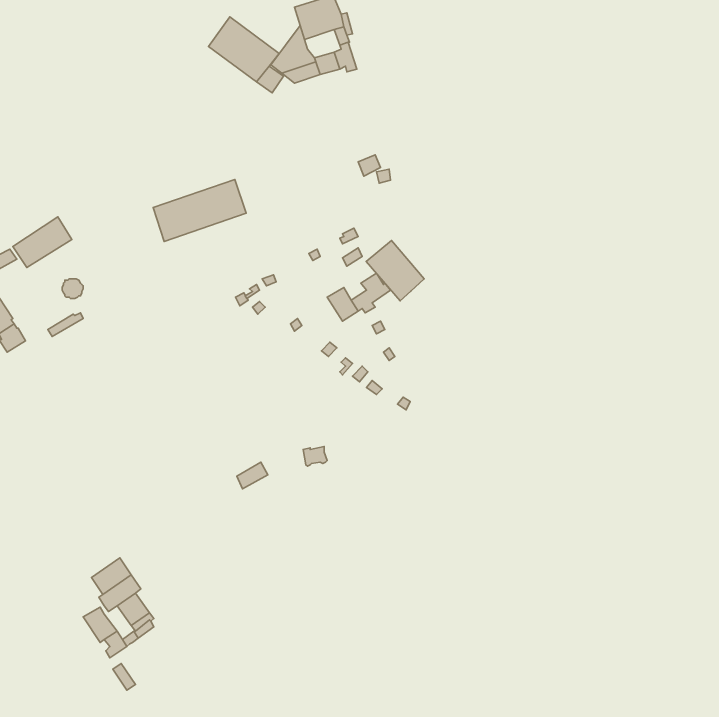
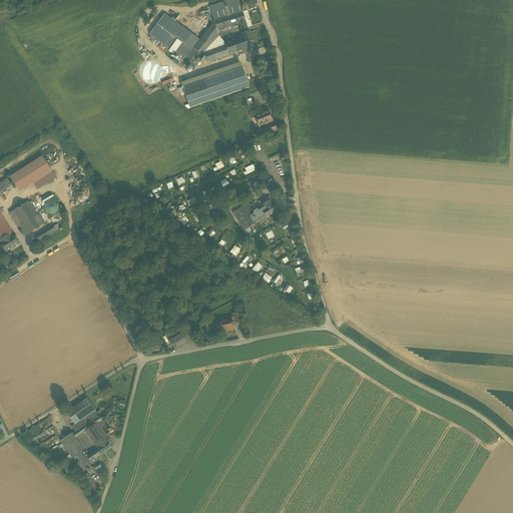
building: [153,179,246,241] -> [181,61,247,105]
building: [366,241,424,301] -> none
building: none -> [9,198,43,234]

